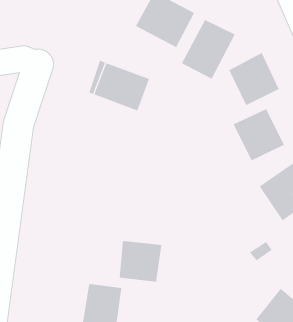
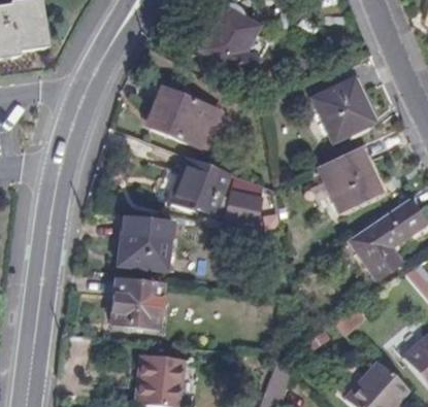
building: [181,19,236,80] -> none
building: none -> [165,157,256,225]
building: none -> [118,215,173,269]
building: [119,240,162,282] -> [112,278,164,328]

